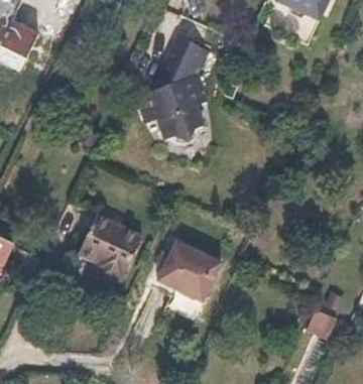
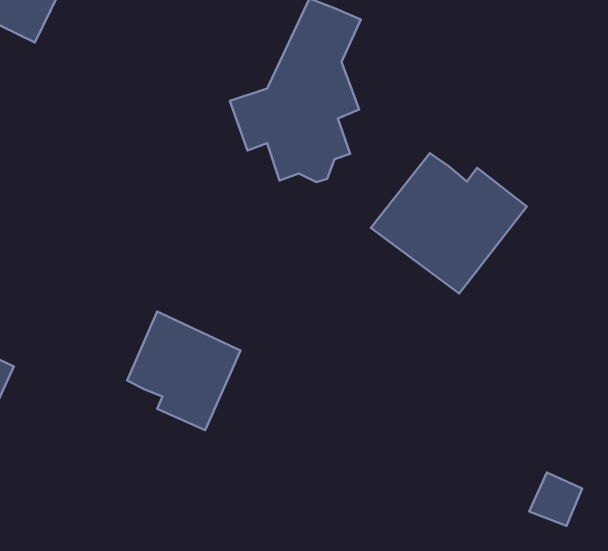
building: none -> [371,153,527,294]
building: [157,242,222,302] -> none

